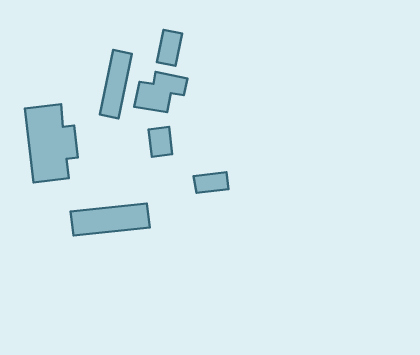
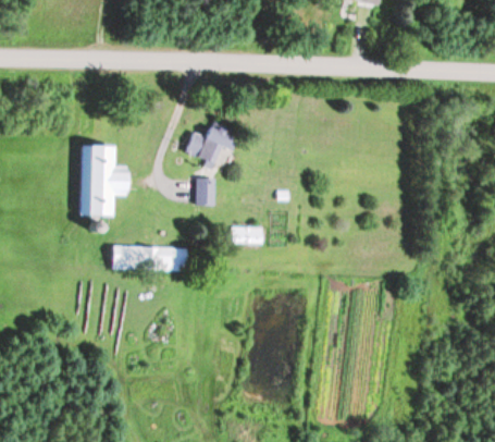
building: [157,30,182,66] -> none
building: [100,50,132,119] -> none

